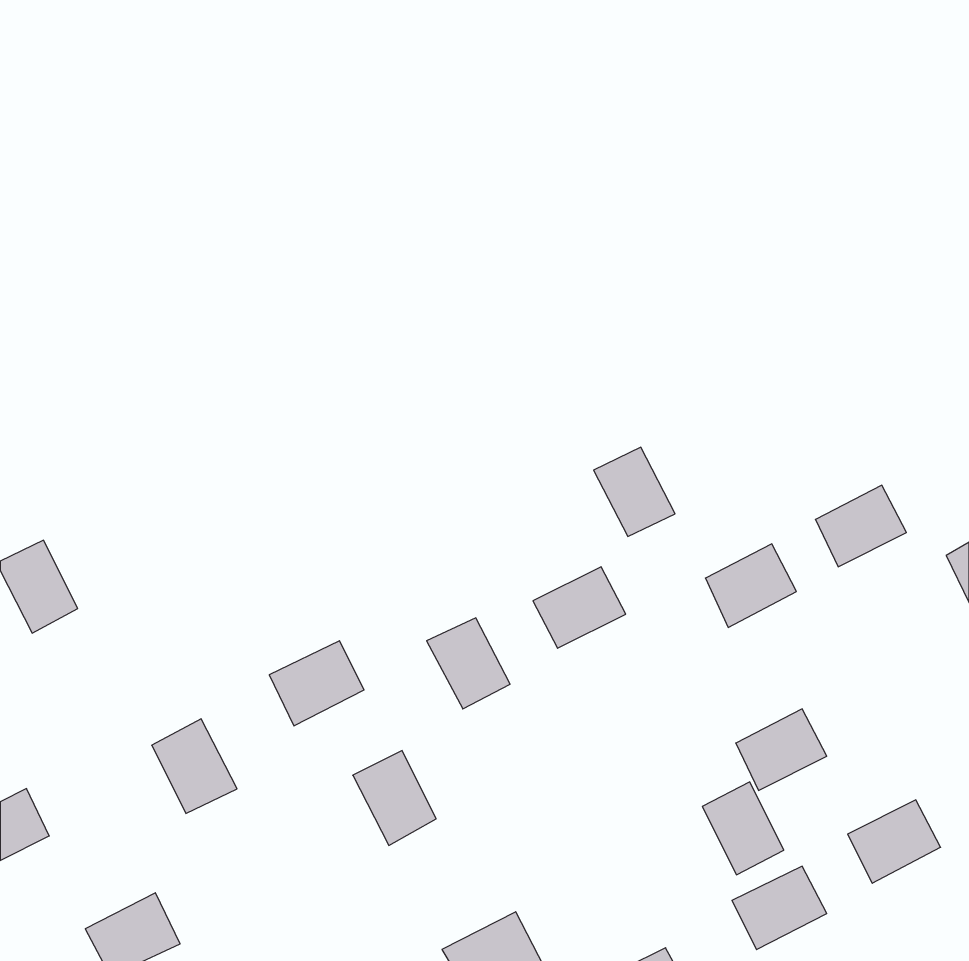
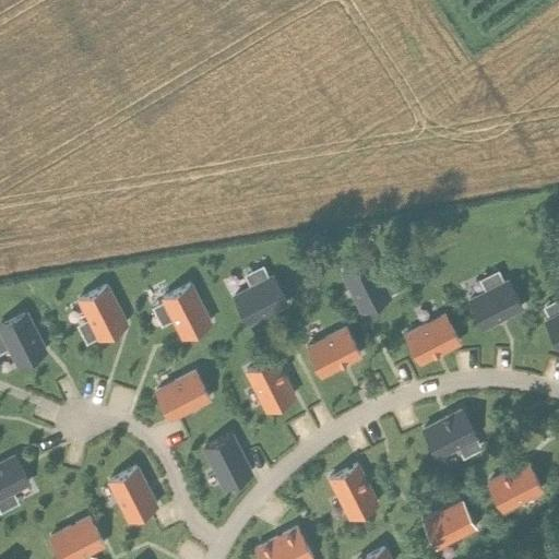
building: none -> [234,280,286,326]
building: none -> [162,286,211,341]
building: none -> [78,287,127,342]
building: [152,719,237,813] -> [108,468,157,523]
building: [702,782,784,875] -> [330,467,377,521]

